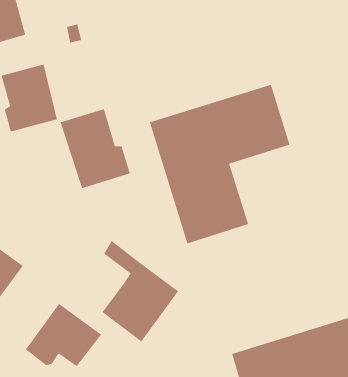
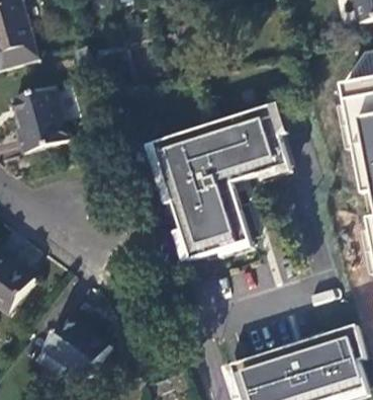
building: [59,108,131,189] -> none
building: [101,240,179,342] -> none

